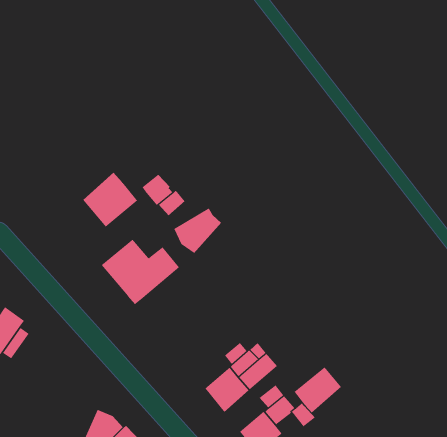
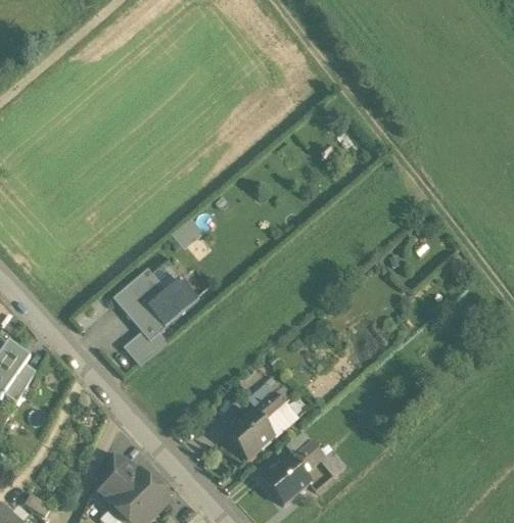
building: [83,172,138,227] -> none
building: [142,174,173,206] -> none
building: [174,207,222,254] -> none
building: none -> [125,331,168,365]
building: [294,366,342,413] -> none

